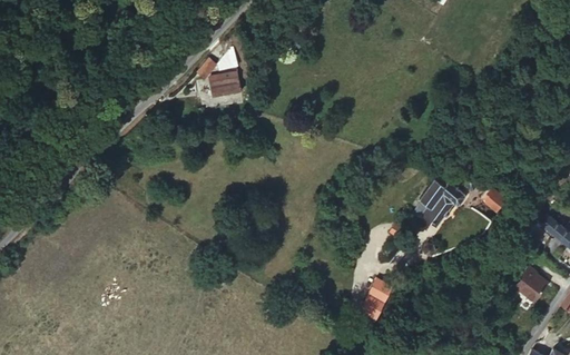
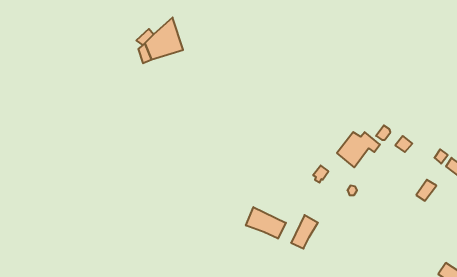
building: [512,267,550,305] -> none
building: none -> [246,207,286,239]

